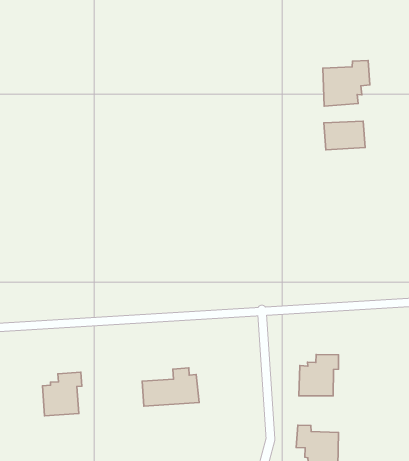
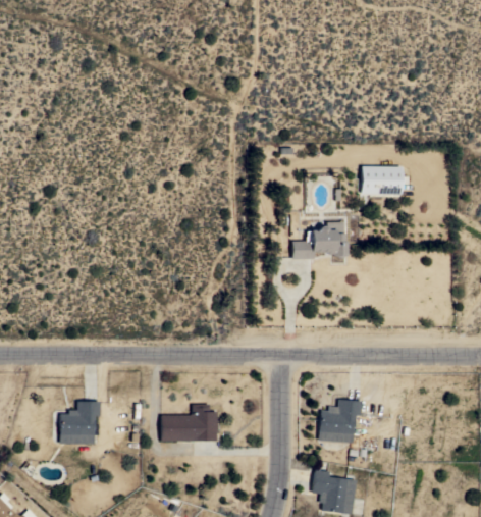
building: [323,60,370,106] -> none
building: none -> [292,222,346,259]

